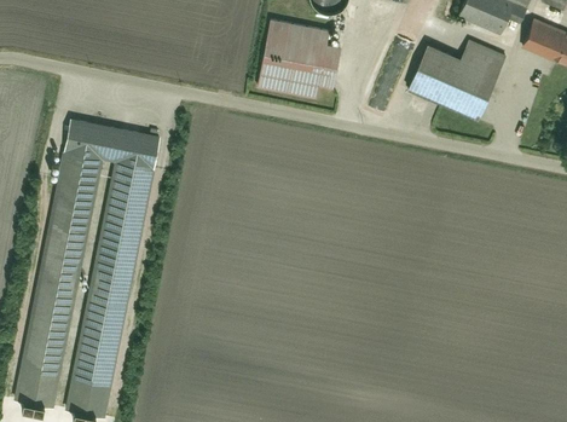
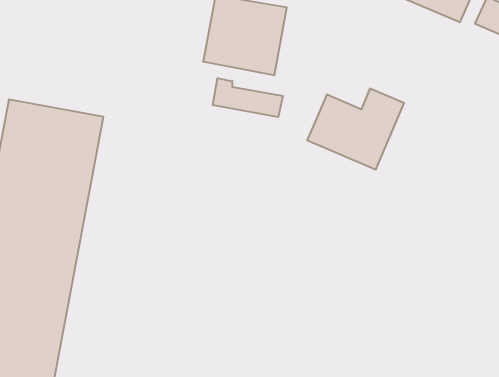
building: [410,34,505,114] -> [307,89,404,170]
building: none -> [213,78,283,117]

